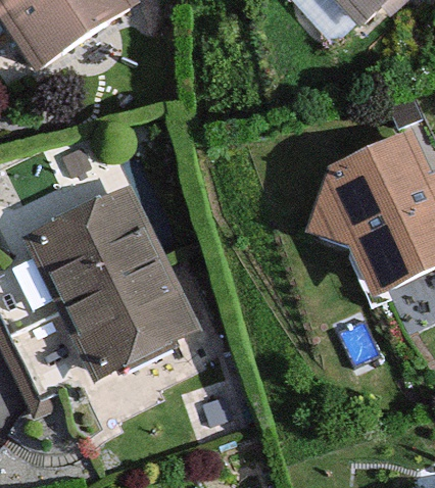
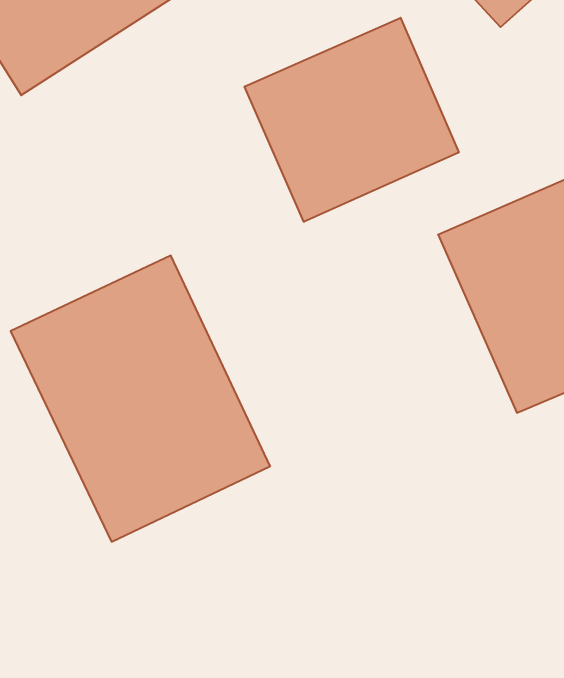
building: none -> [245,18,459,222]

